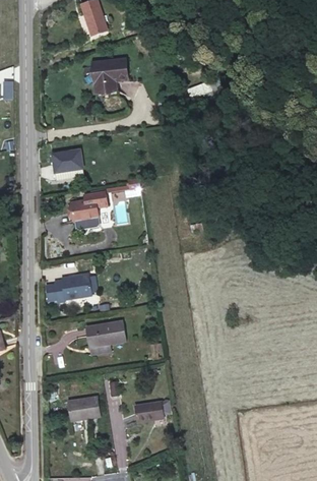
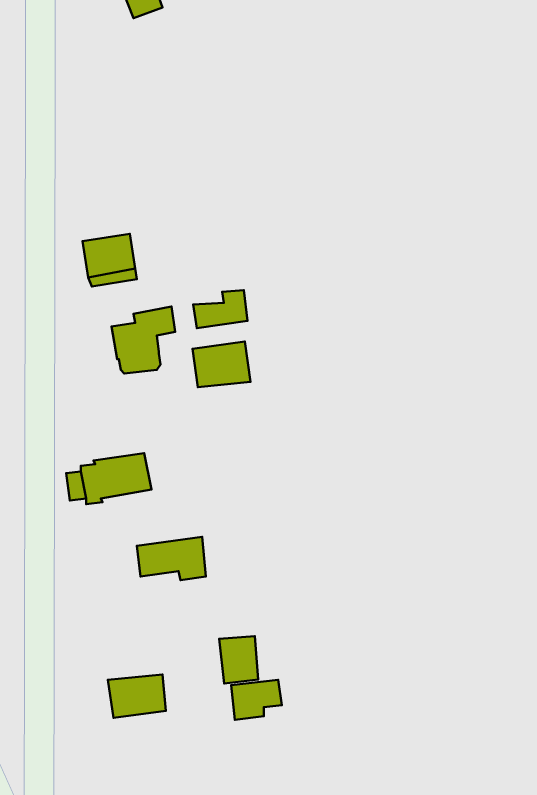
building: [89,49,126,91] -> none
building: none -> [193,341,251,387]
building: none -> [219,636,258,684]

